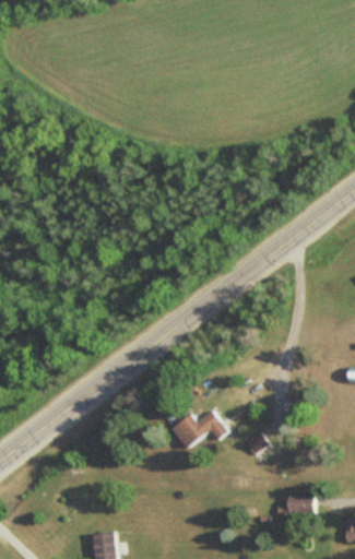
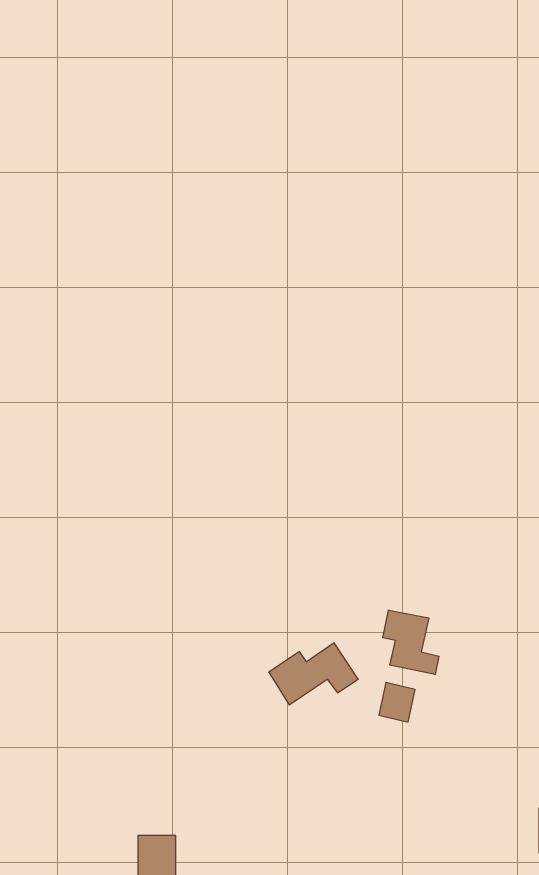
building: none -> [383,610,439,675]
building: [284,495,313,513] -> none

